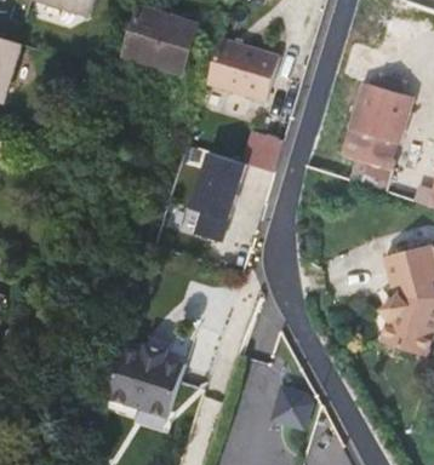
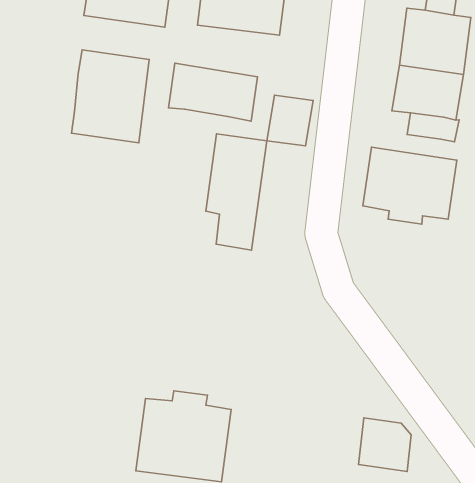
building: none -> [72,50,149,143]
building: none -> [169,63,258,121]
building: none -> [363,147,457,224]

